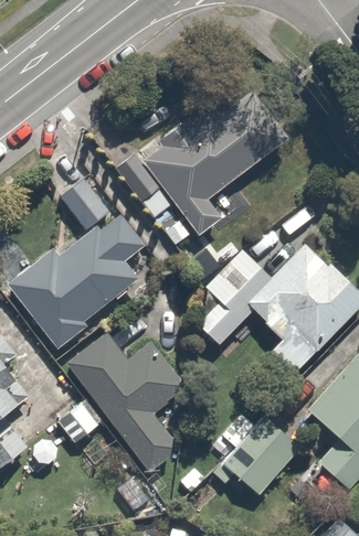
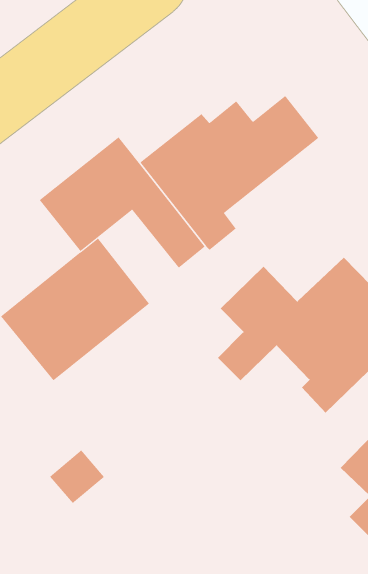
building: [71,337,186,472] -> none
building: [213,417,302,494] -> none

